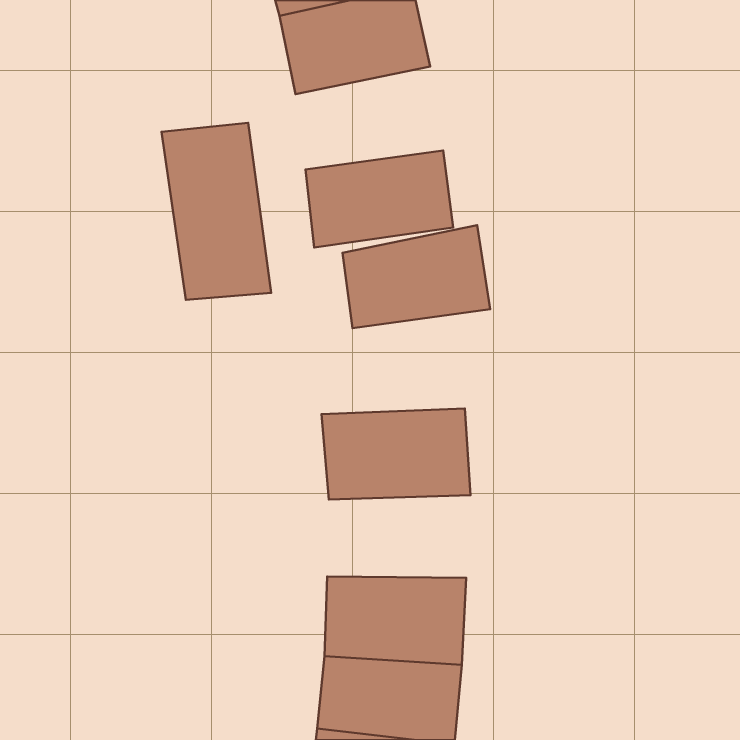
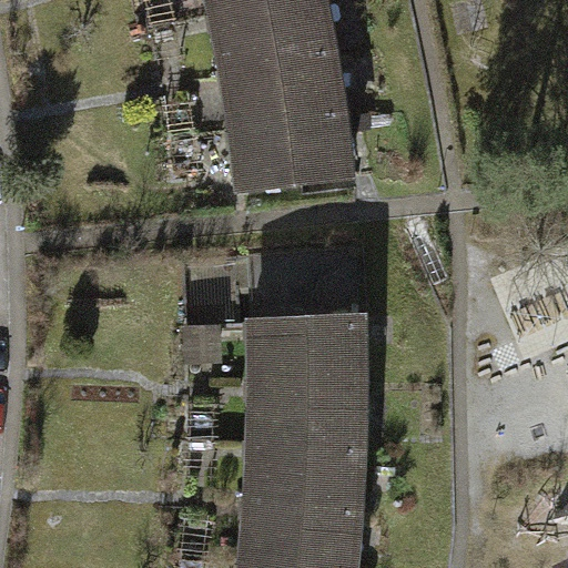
building: [162,123,271,300] -> none
building: [343,225,490,328] -> [226,51,339,130]
building: none -> [251,379,361,443]

